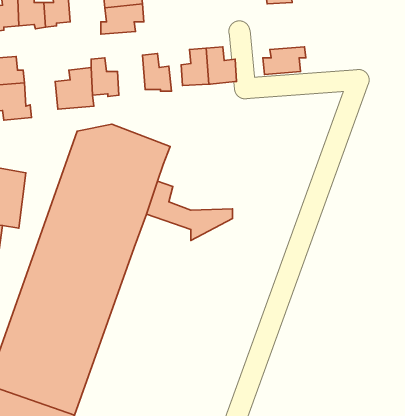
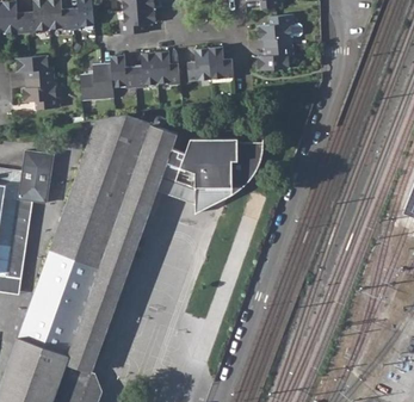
building: none -> [258,16,302,49]
building: none -> [131,54,155,88]
building: none -> [166,137,261,194]

